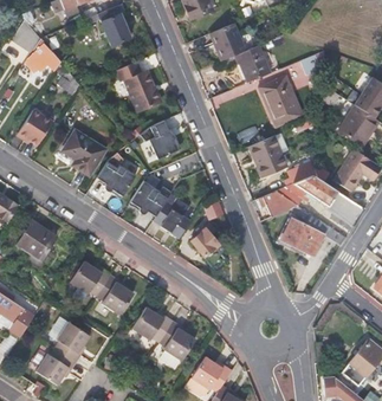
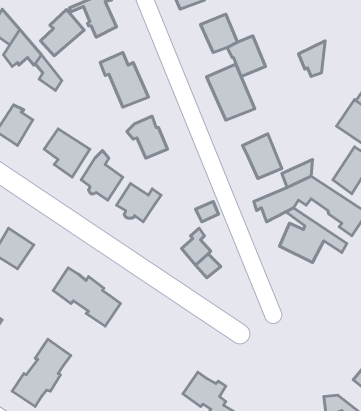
building: none -> [40,10,84,56]
building: [258,75,303,127] -> [207,64,255,120]
building: [154,194,192,238] -> none
building: [132,305,196,361] -> none

